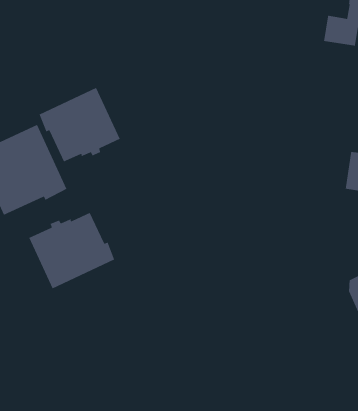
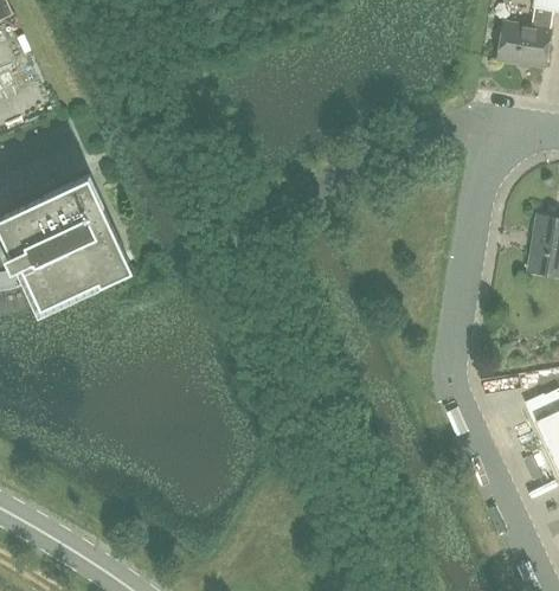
building: [38,87,121,163] -> none
building: [28,212,115,289] -> none

